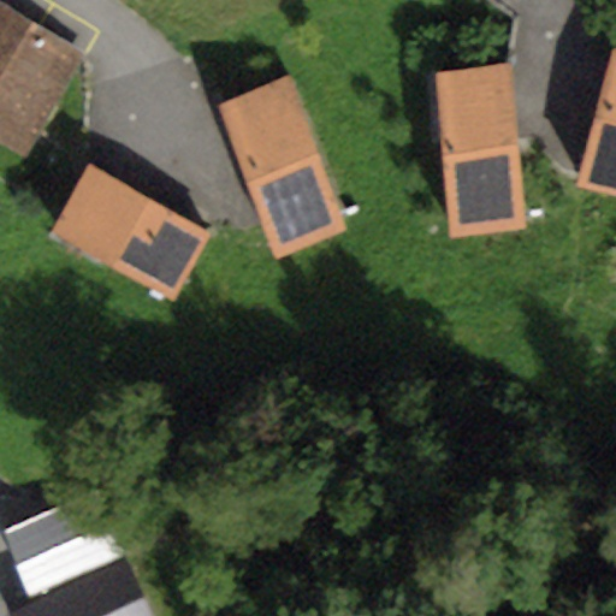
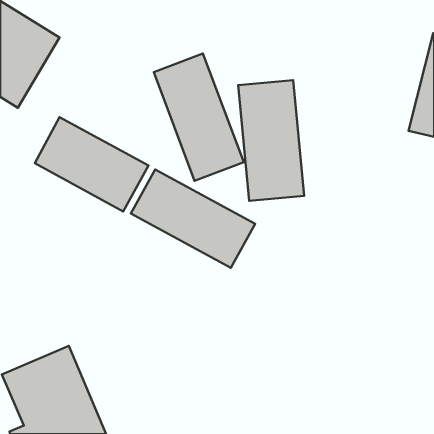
building: [434,65,528,236] -> [238,80,304,201]
building: none -> [131,169,255,268]

